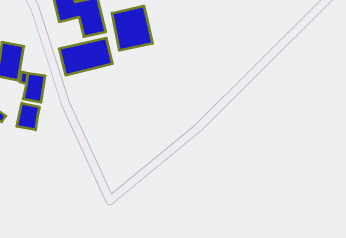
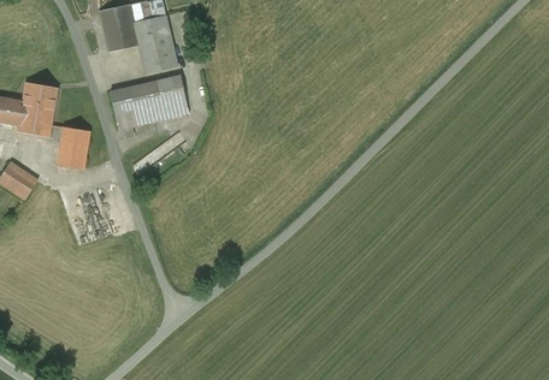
building: [112,6,152,50] -> none
building: [17,103,39,130] -> none

